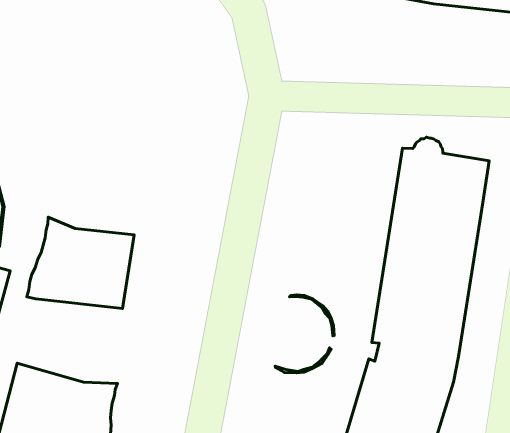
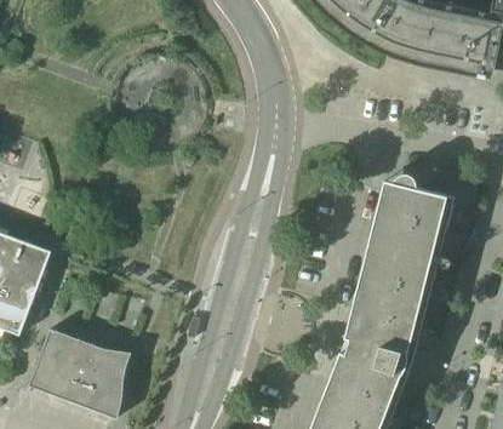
building: [27,217,134,308] -> none

